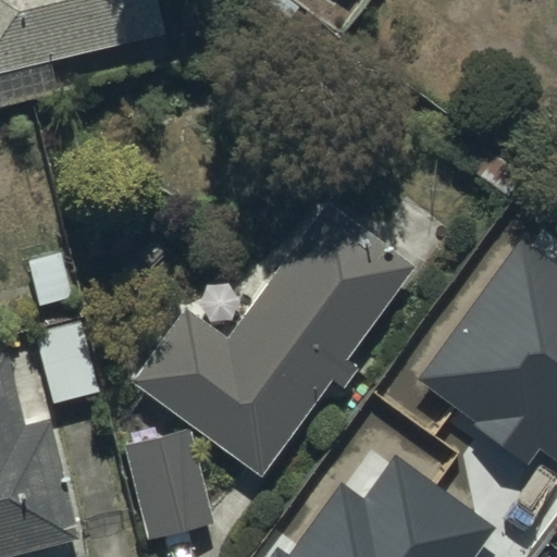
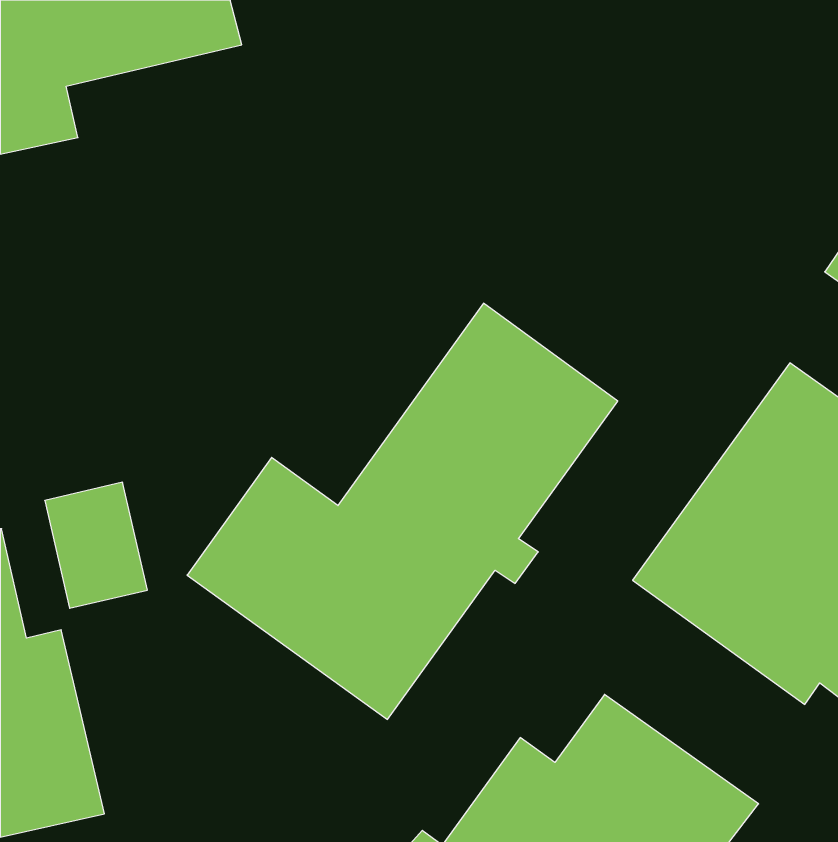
building: [123,429,210,539] -> none

